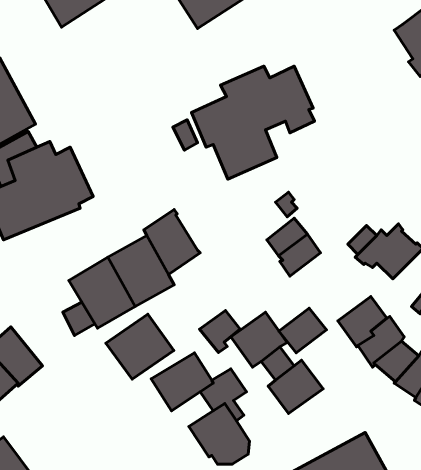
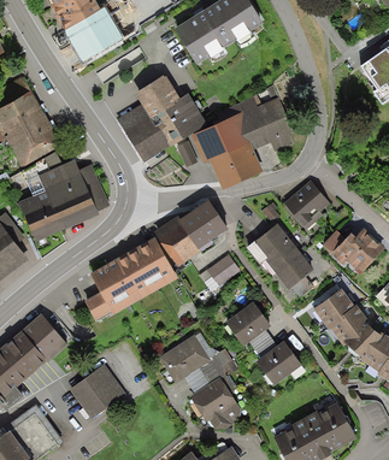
building: none -> [116,75,207,163]
building: none -> [283,179,329,229]
building: none -> [178,200,226,249]
building: [279,308,327,353] -> [273,252,313,289]
building: [200,310,240,352] -> [206,254,240,289]
building: [106,314,174,379] -> [69,364,125,418]

